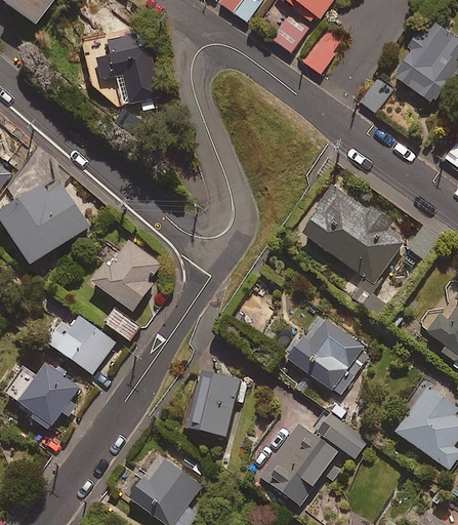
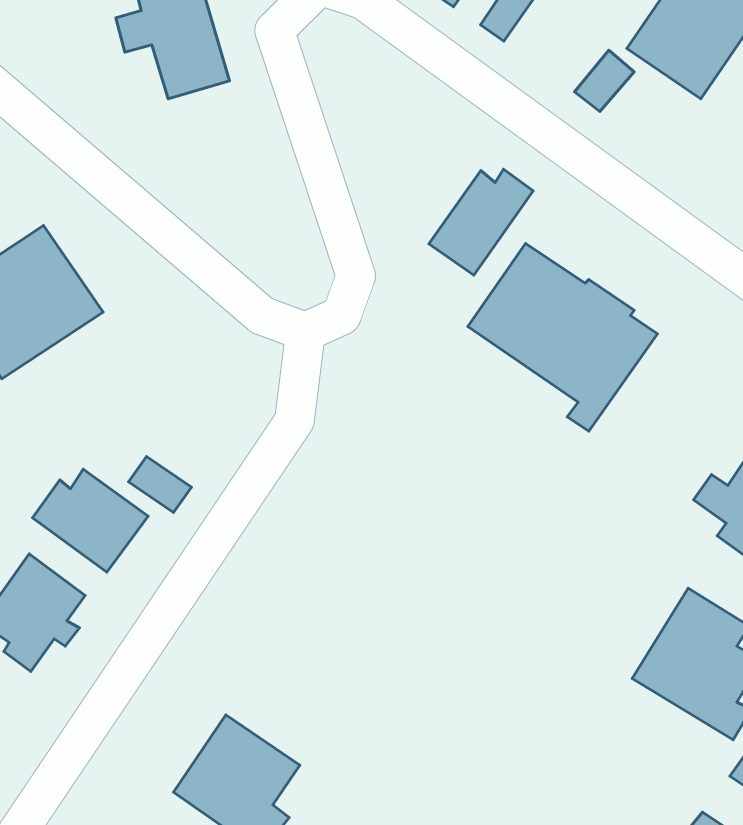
building: none -> [429,169,533,275]
building: [89,239,161,311] -> none
building: [289,315,371,395] -> none
building: [188,369,242,437] -> none
building: [260,415,366,504] -> none

